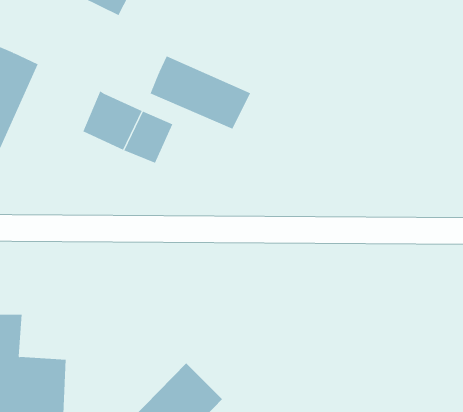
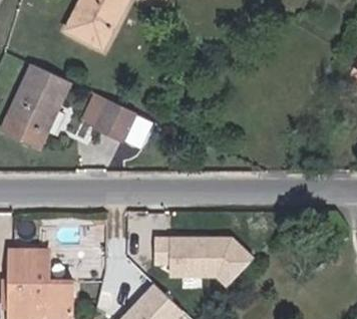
building: [150,55,251,130] -> none
building: none -> [171,236,258,286]

